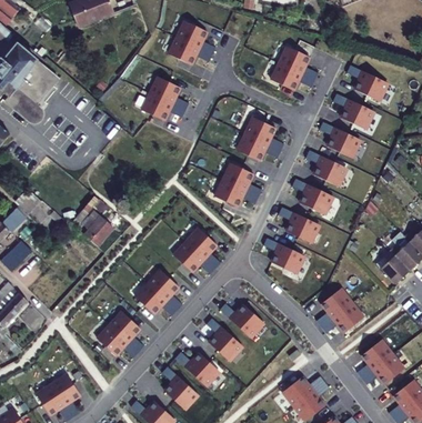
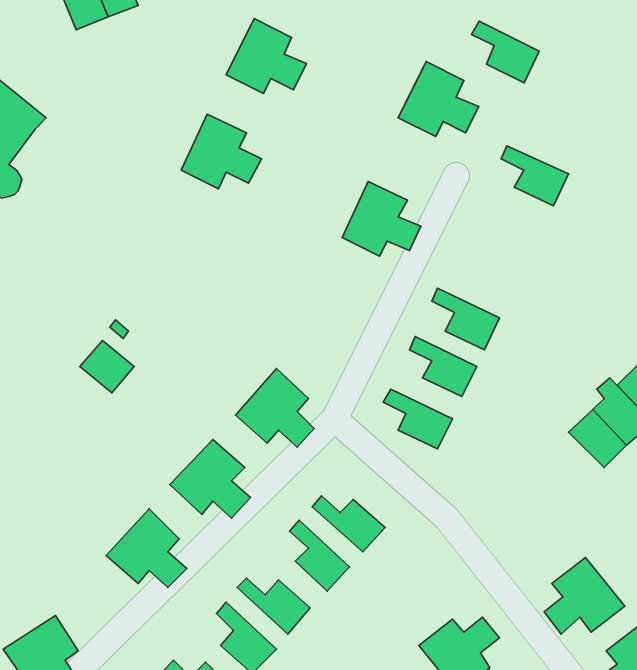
building: [345,67,385,103] -> [472,21,539,83]
building: [319,124,359,160] -> none
building: [305,152,345,189] -> none
building: [215,163,262,208] -> none
building: [316,288,364,333] -> none

